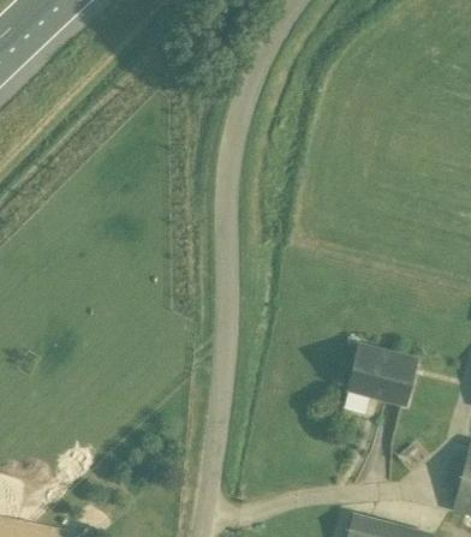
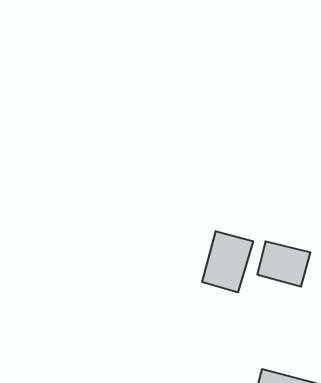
building: none -> [202,231,253,292]

